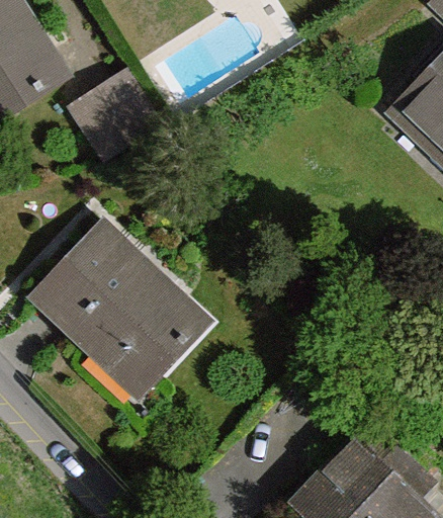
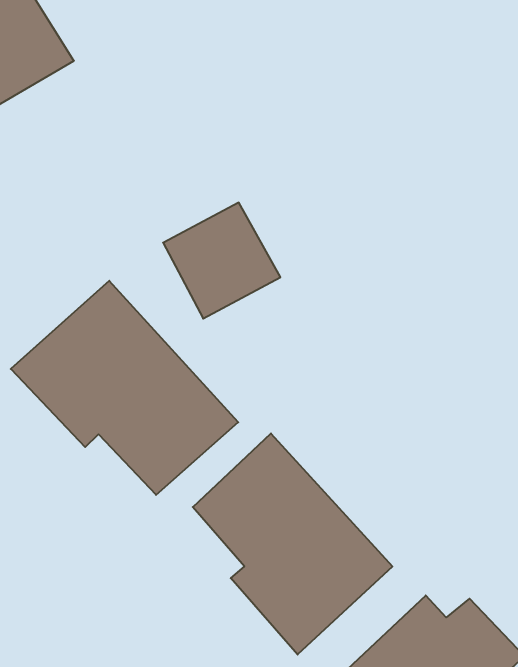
building: [73,73,161,160] -> [163,203,280,319]
building: none -> [193,433,392,655]

